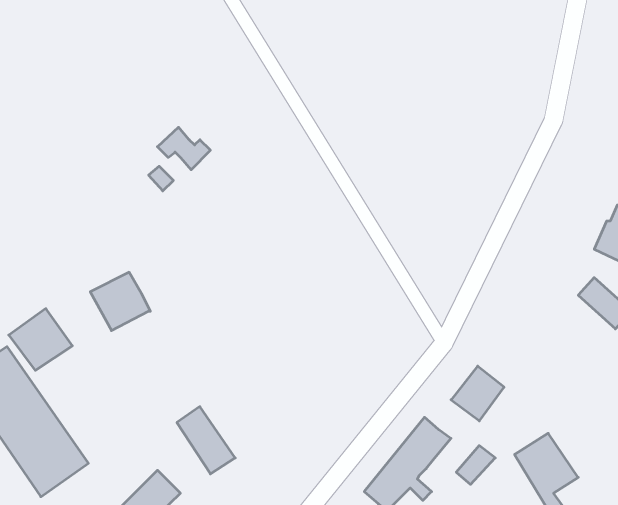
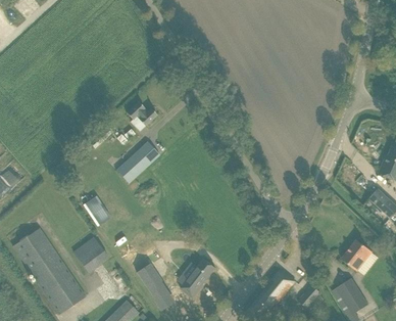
building: none -> [115,140,159,182]
building: [9,309,72,370] -> [72,235,109,271]
building: [451,366,504,421] -> [341,238,372,270]
building: none -> [182,256,216,294]

